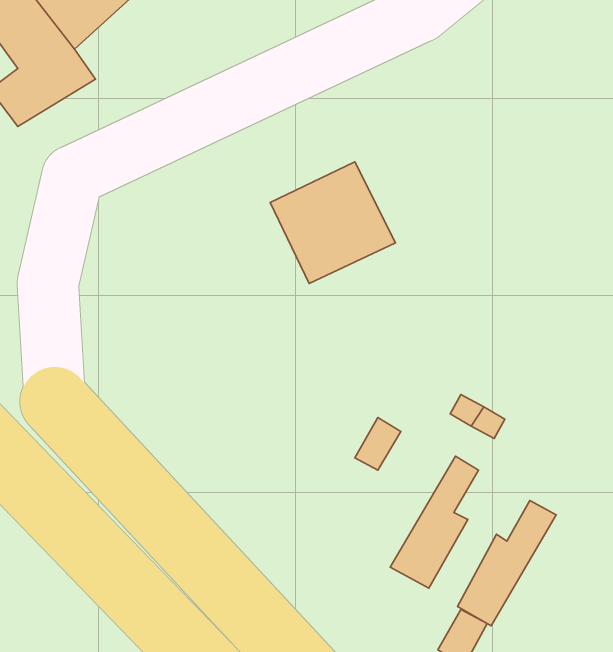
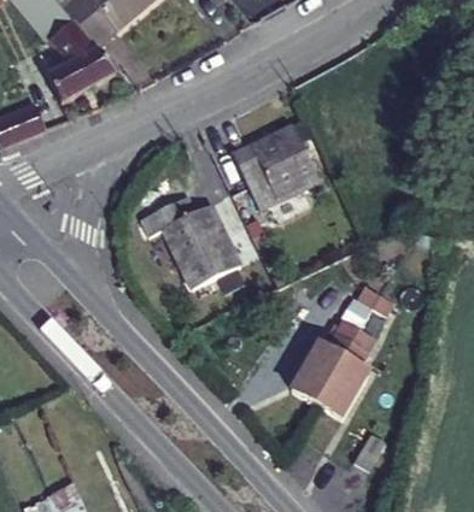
building: none -> [141,195,239,287]
building: [458,501,556,626] -> [293,318,361,404]

